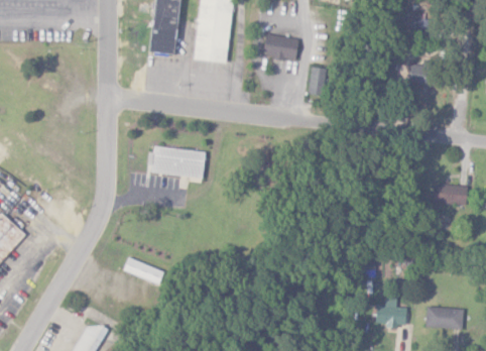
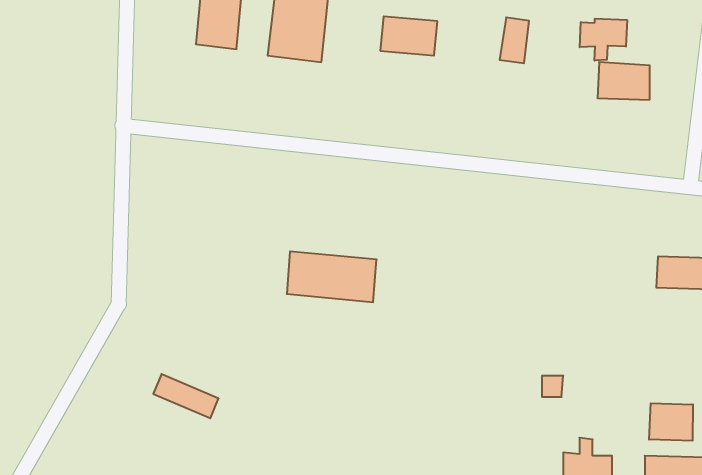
building: none -> [580,19,627,61]
building: [309,68,327,96] -> [500,17,529,63]
building: [149,145,205,177] -> [287,251,377,302]
building: none -> [649,403,693,441]

